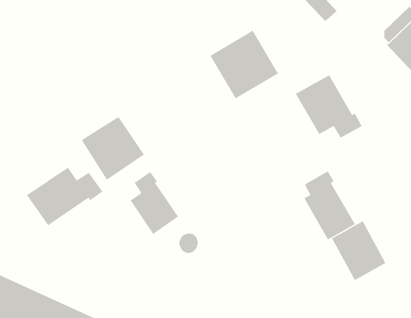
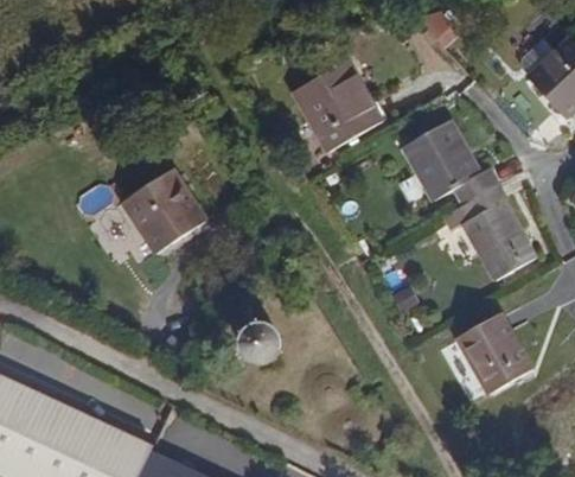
building: [26,167,103,226] -> none
building: [303,171,356,240] -> [462,186,532,279]
building: [130,171,179,235] -> none

